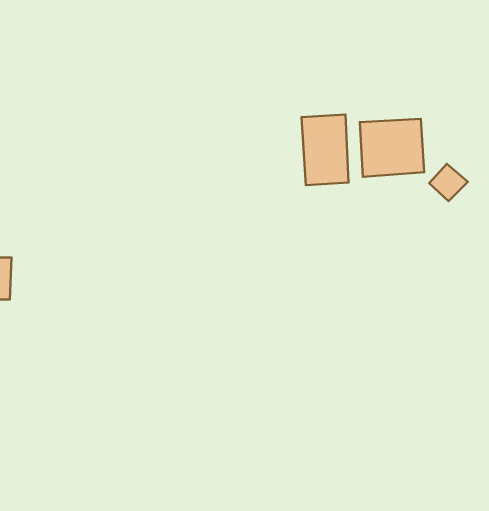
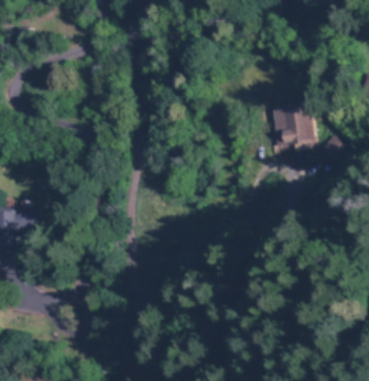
building: [301,114,348,185] -> none

